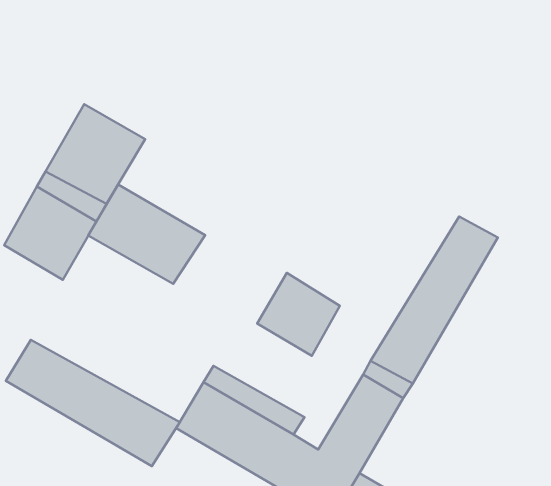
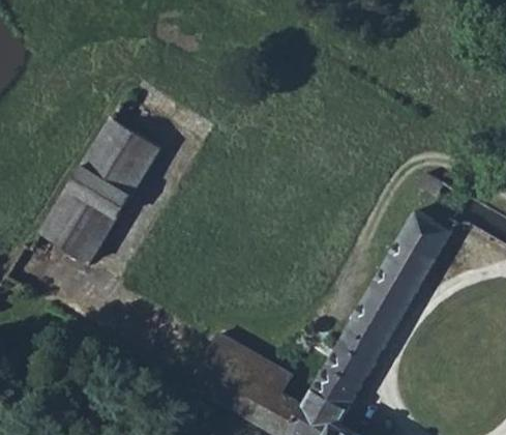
building: [88,185,205,284] -> none
building: [257,273,340,356] -> none
building: [6,340,180,466] -> none

